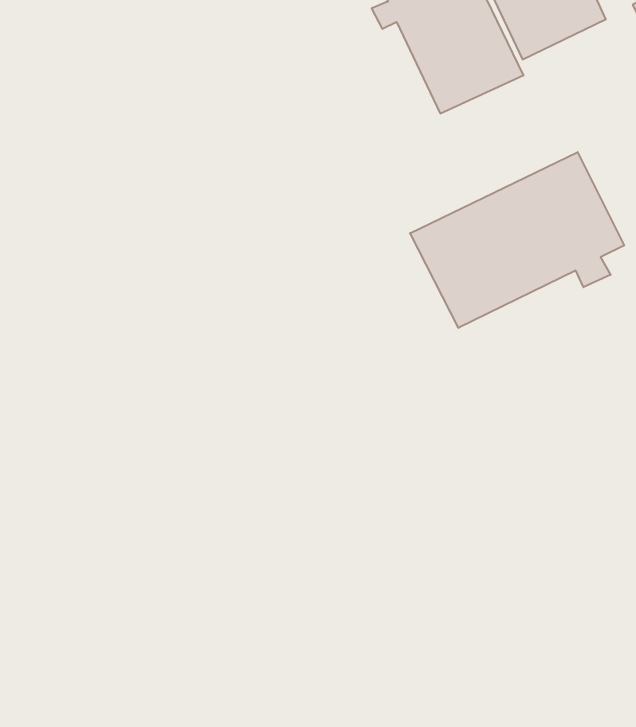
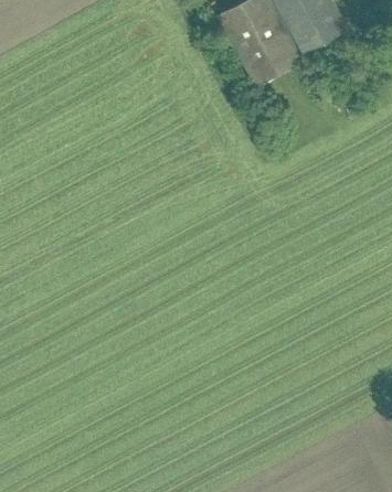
building: [410,152,624,328] -> none

